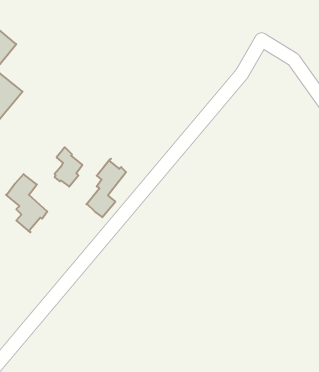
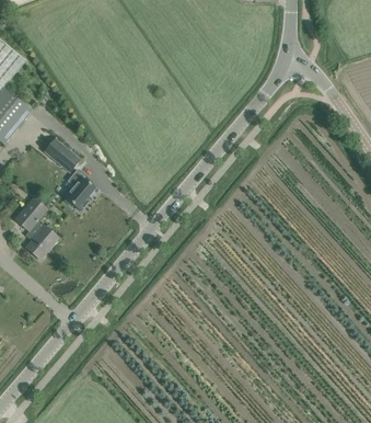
building: none -> [44,138,80,172]
building: [86,159,126,217] -> none

